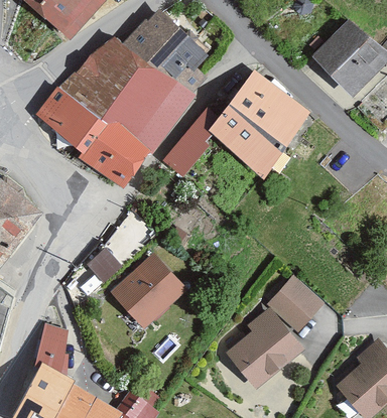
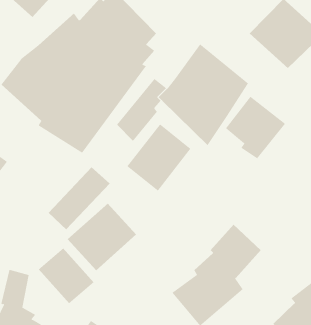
building: none -> [225,96,286,159]
building: none -> [127,123,191,192]
building: none -> [38,247,94,304]

